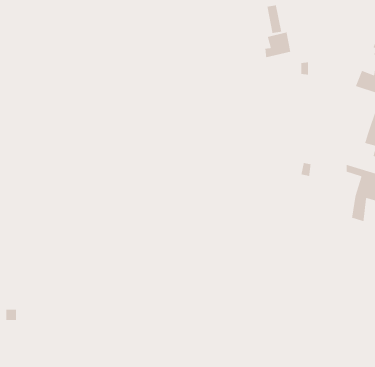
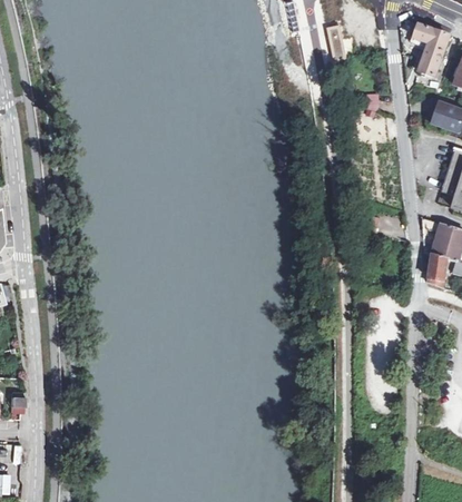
building: none -> [415,26,451,78]
building: [264,32,291,58] -> none

